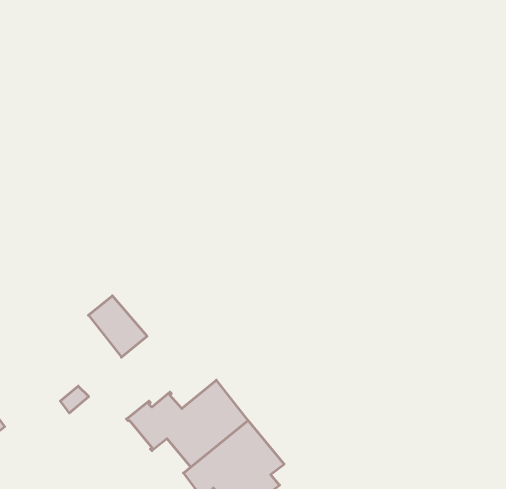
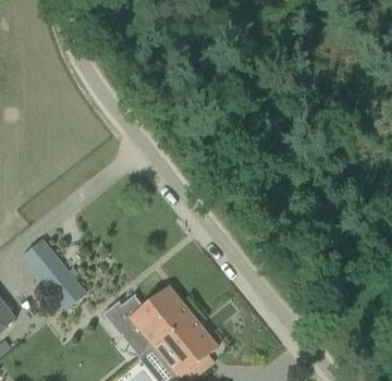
building: [88,296,147,357] -> [32,249,74,294]

